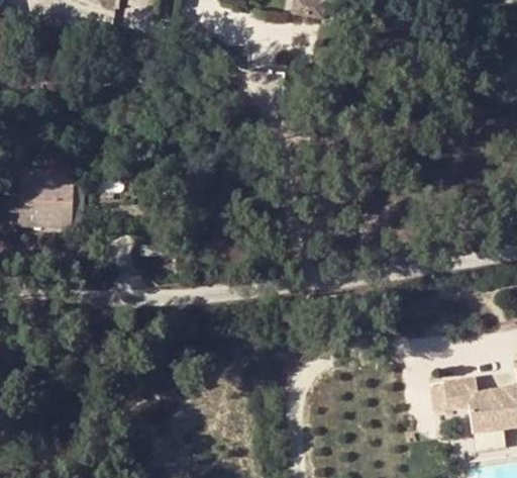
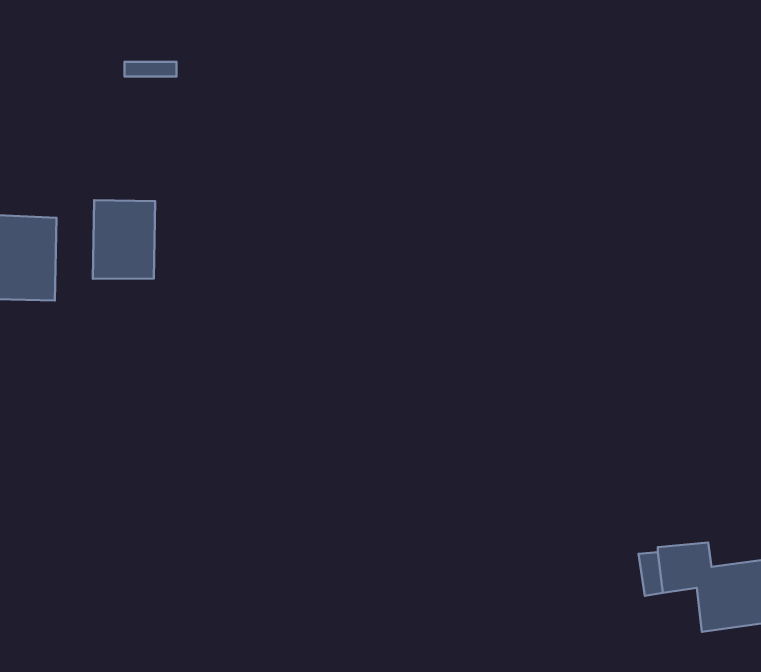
building: none -> [93,200,155,279]

